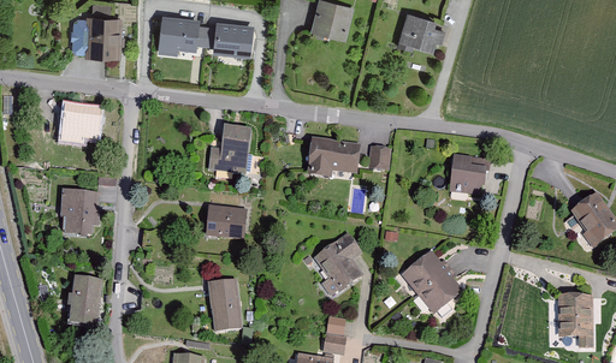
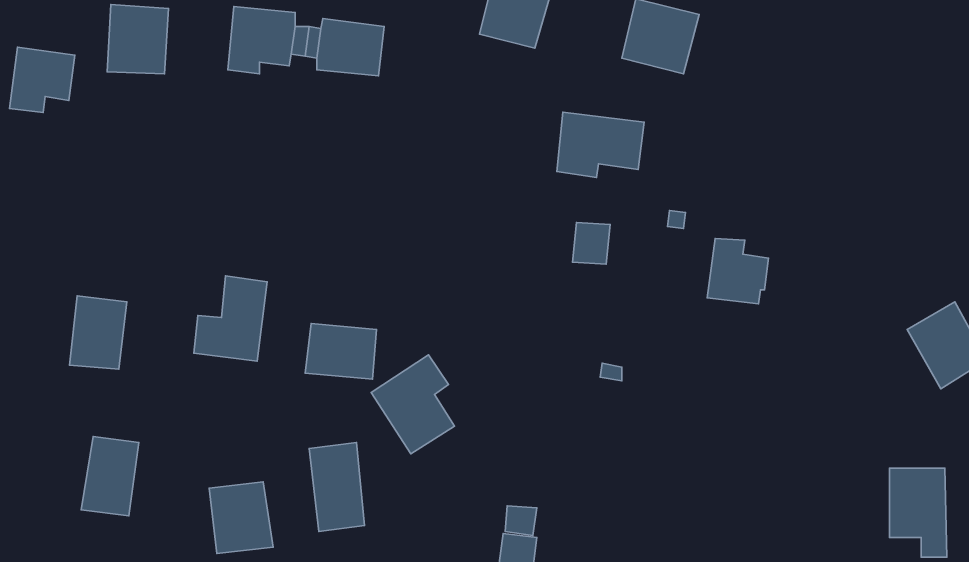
building: [61,103,101,143] -> [9,47,75,112]
building: [207,124,251,175] -> [194,276,267,361]
building: [307,138,360,178] -> [557,112,644,178]
building: [313,236,363,296] -> [371,355,454,454]
building: [396,251,463,320] -> none
building: none -> [209,482,273,553]

